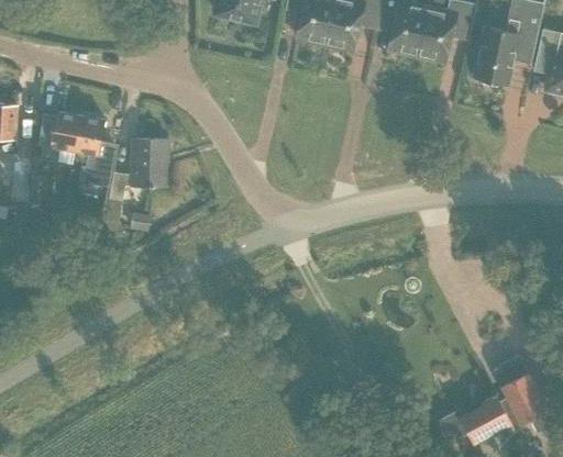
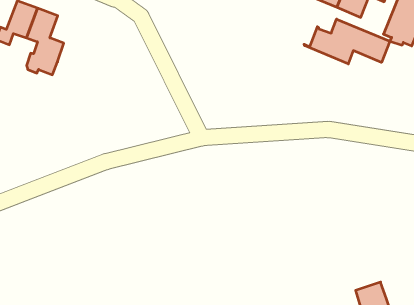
building: none -> [304,19,390,64]
building: [108,138,167,201] -> none

